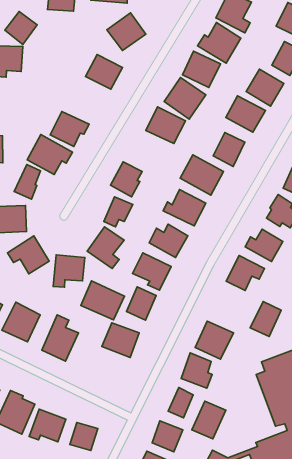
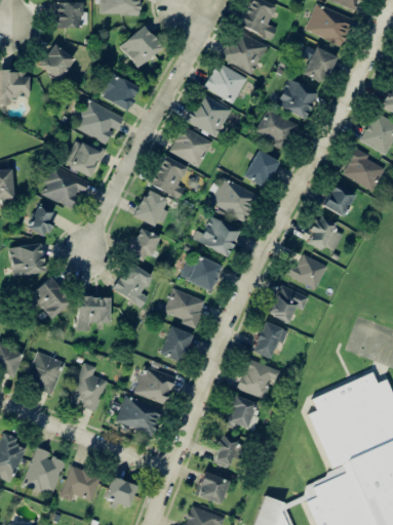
building: [5,12,37,44] -> [40,44,75,80]
building: none -> [75,99,124,145]
building: none -> [151,157,187,199]
building: [81,281,124,320] -> [116,395,163,436]
building: [250,301,281,336] -> [252,322,285,360]
building: [192,401,226,439] -> none

